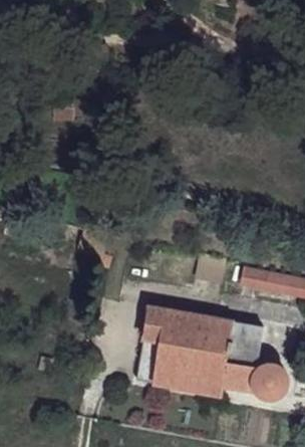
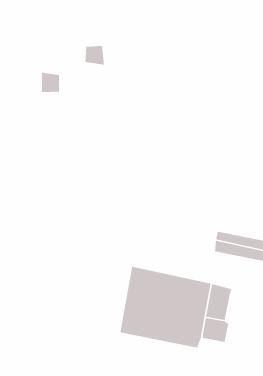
building: [254,358,287,397] -> none

